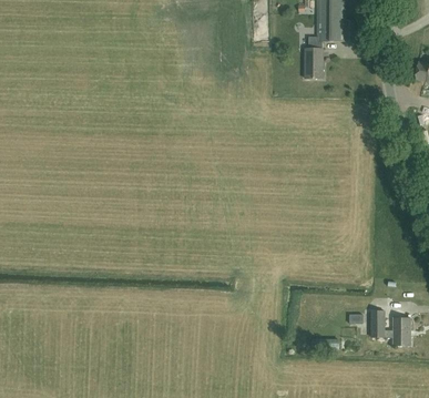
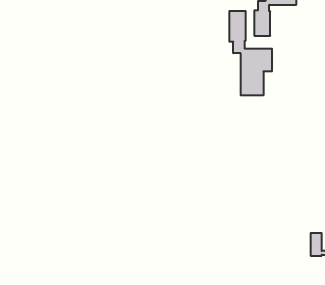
building: none -> [229,11,272,95]

